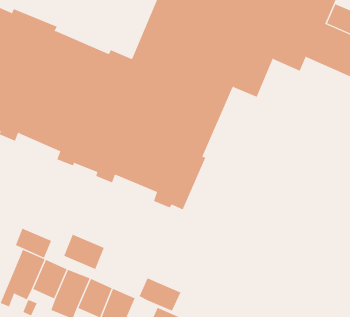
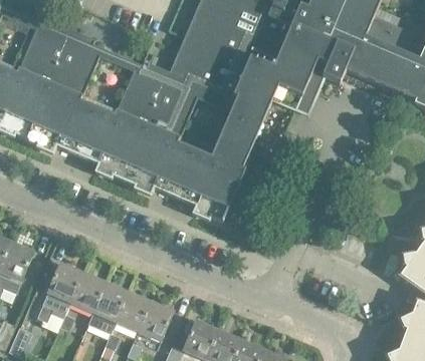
building: [15,228,52,259] -> none
building: [64,234,105,270] -> none
building: [139,278,181,311] -> none

